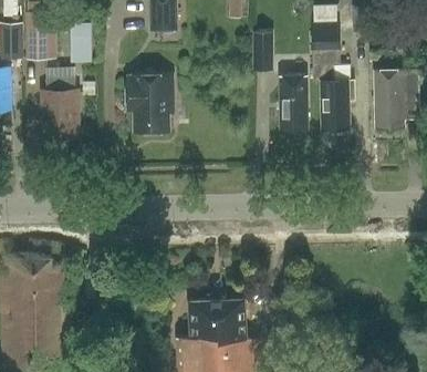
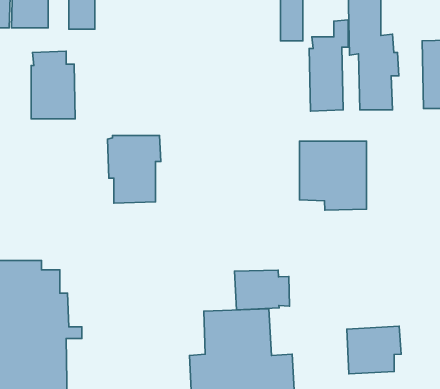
building: [127,75,173,133] -> [107,135,161,203]
building: none -> [299,141,367,210]
building: none -> [235,270,289,310]
building: none -> [347,326,401,374]

